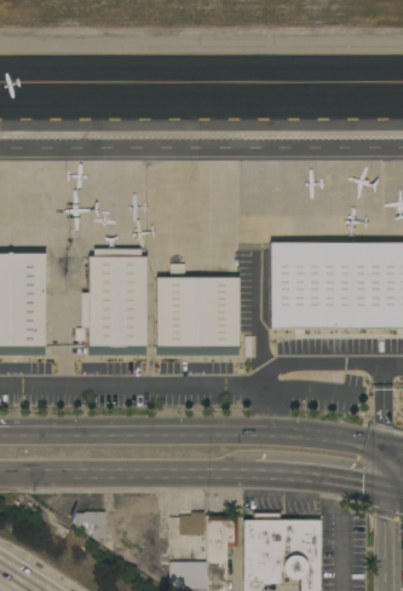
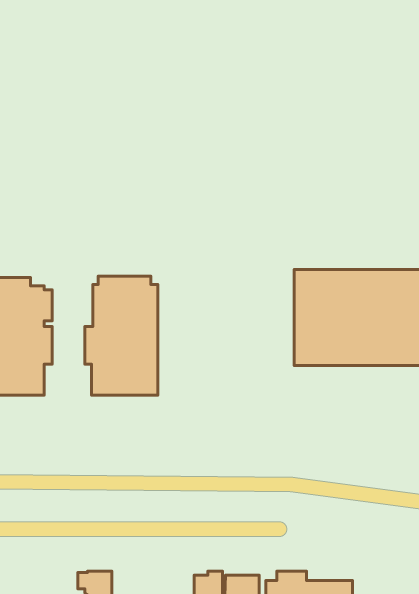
building: [156,270,238,354] -> none

